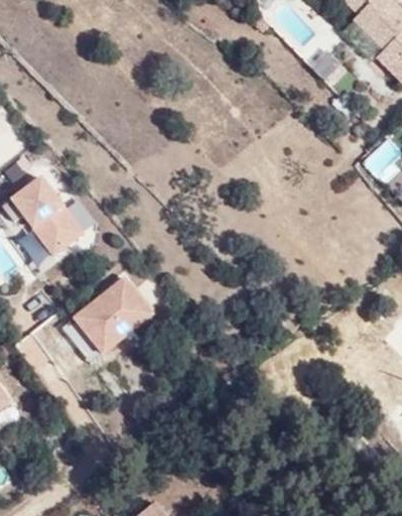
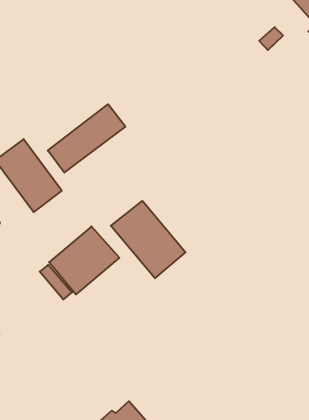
building: none -> [48,104,125,173]
building: none -> [111,201,186,278]

